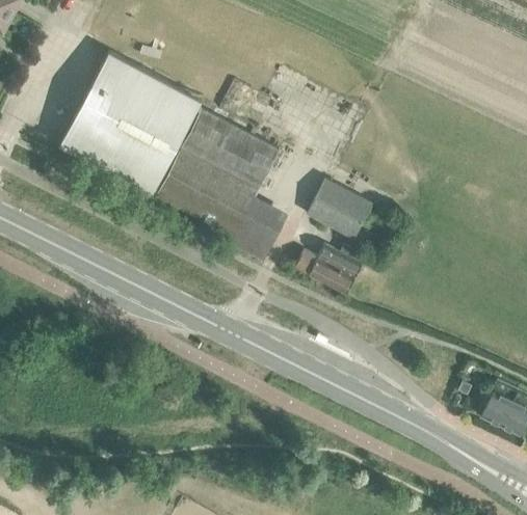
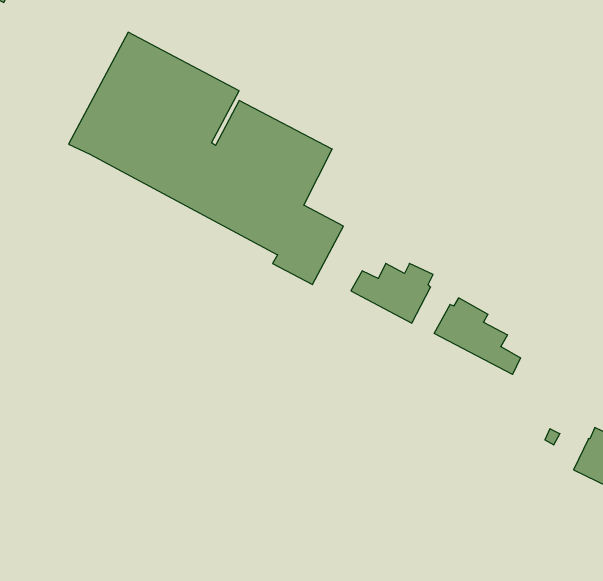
building: [306,179,373,240] -> none
building: none -> [434,298,520,374]

